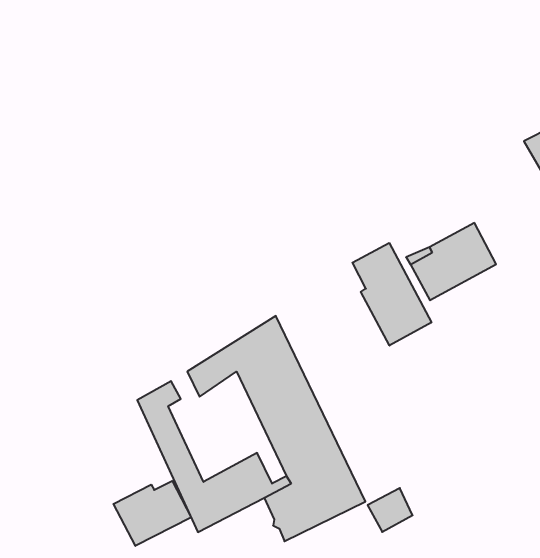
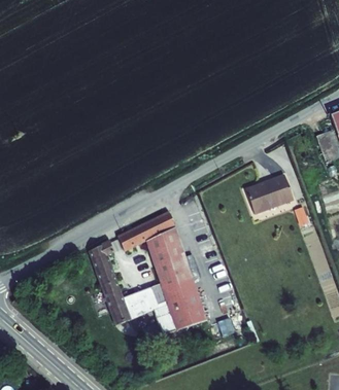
building: [352,243,431,346] -> none
building: [113,481,191,546] -> none

